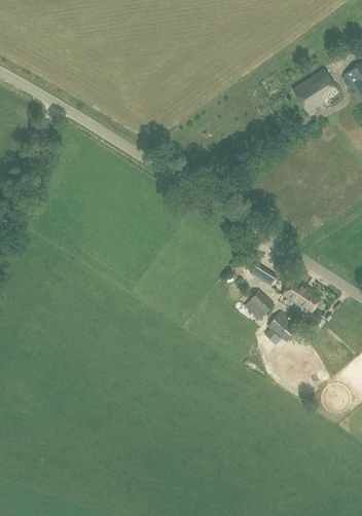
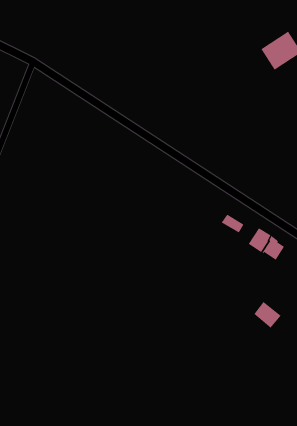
building: [245,291,273,319] -> none
building: [266,312,296,341] -> [253,301,281,328]

